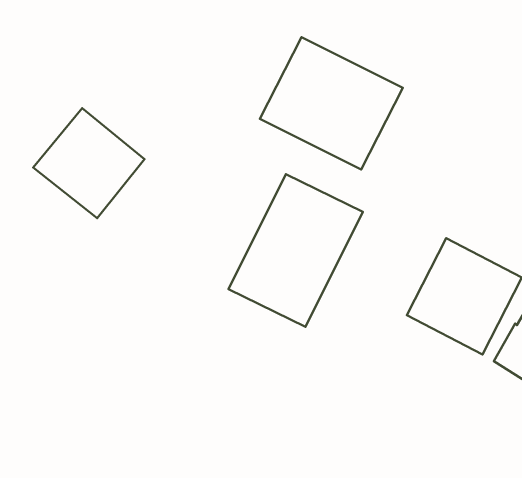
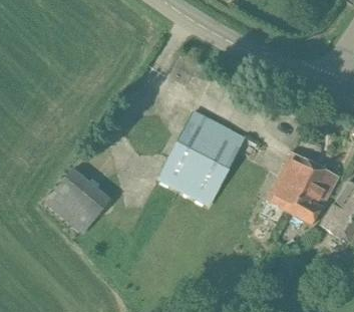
building: [260,37,403,170] -> none
building: [33,108,145,218] -> [44,168,112,235]

